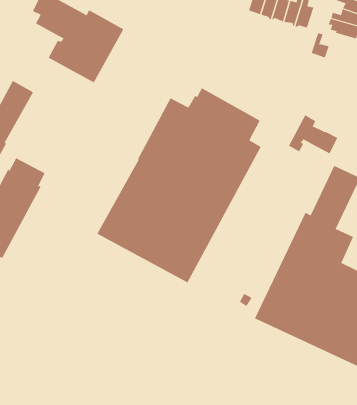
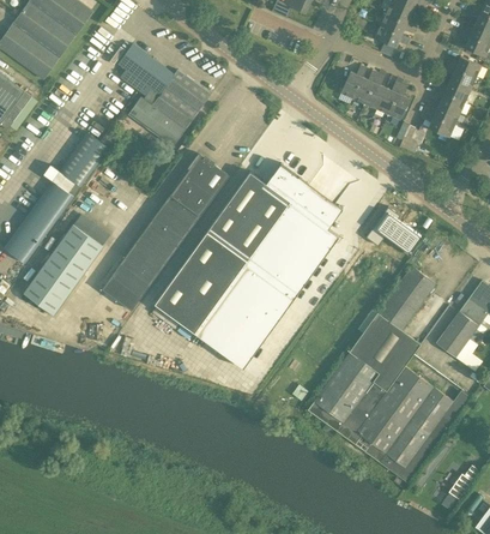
building: none -> [102,155,229,311]

